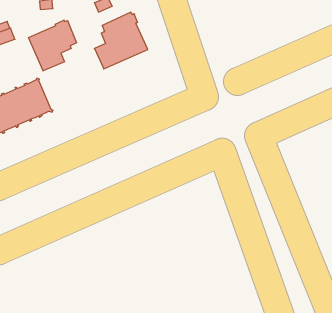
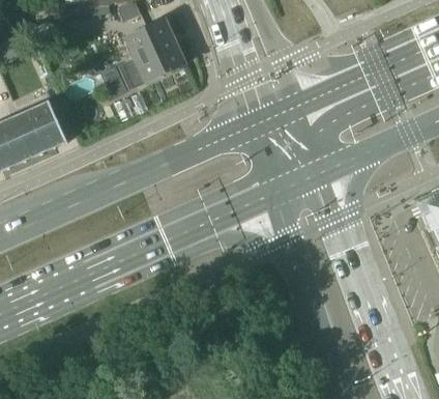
building: [28,20,76,71] -> none

